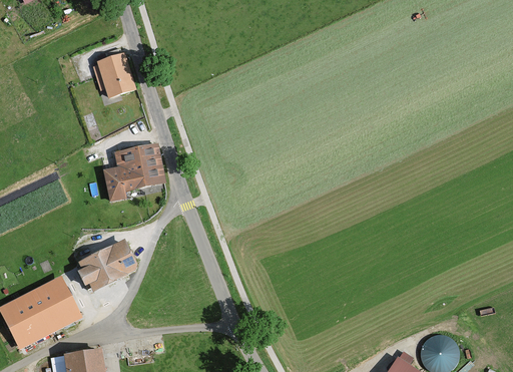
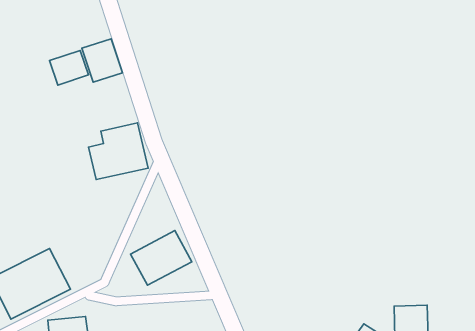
building: none -> [49,50,89,85]
building: [72,235,137,293] -> [130,231,192,285]

